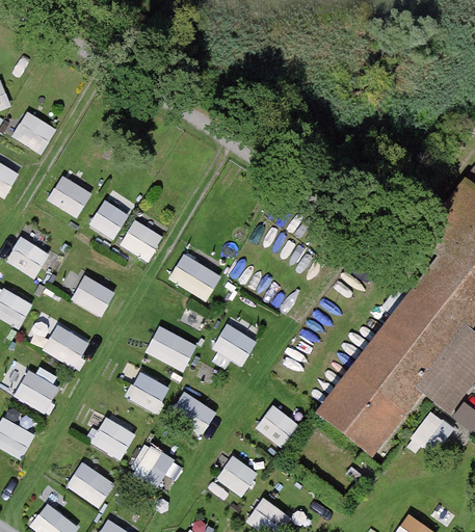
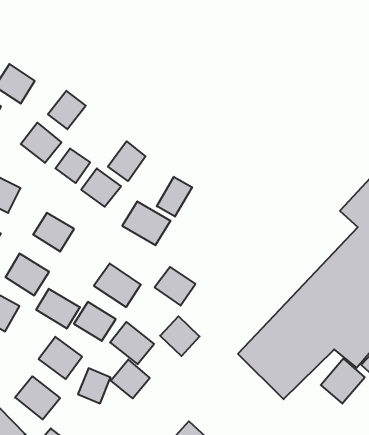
building: none -> [48,91,86,129]
building: none -> [108,141,146,181]
building: none -> [157,177,192,217]
building: none -> [36,289,80,329]
building: [255,404,299,449] -> [160,316,200,356]
building: [215,454,259,498] -> [111,359,150,398]

